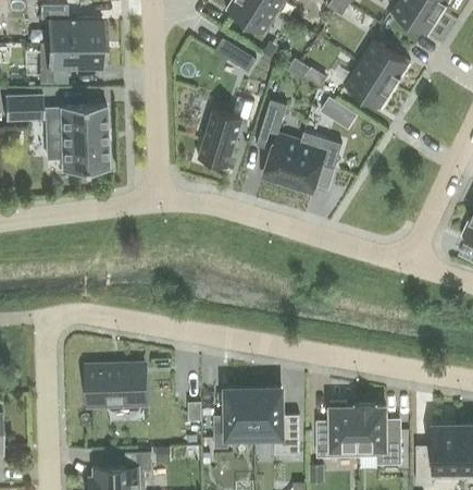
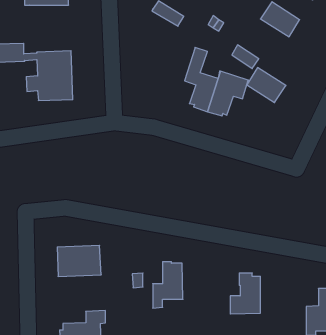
building: [39,44,102,83] -> none
building: [344,62,396,109] -> [247,68,286,103]
building: [198,109,244,167] -> none
building: [253,385,300,454] -> none
building: [358,404,400,463] -> none

